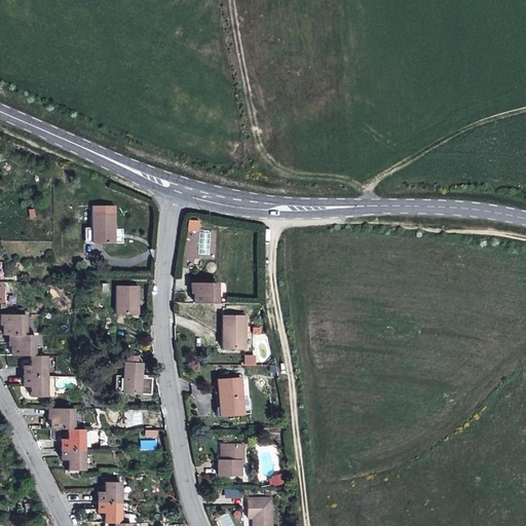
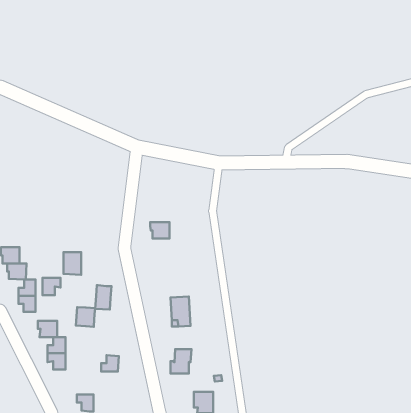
building: [93,205,116,243] -> none
building: [117,286,140,314] -> [63,252,81,275]
building: [224,315,247,348] -> none
building: none -> [43,278,60,295]
building: none -> [76,307,95,327]
building: [100,481,122,501] -> [101,355,119,371]

